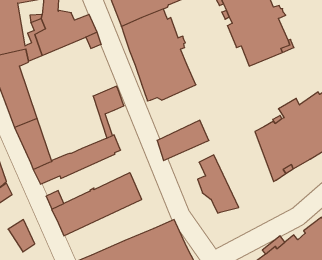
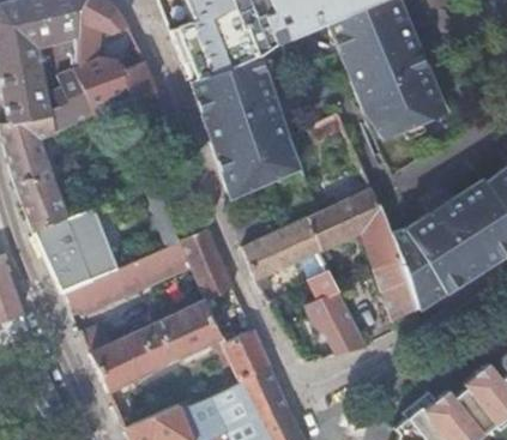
building: none -> [308,189,418,321]
building: none -> [67,207,111,279]
building: none -> [181,230,230,299]
building: none -> [222,329,270,380]

